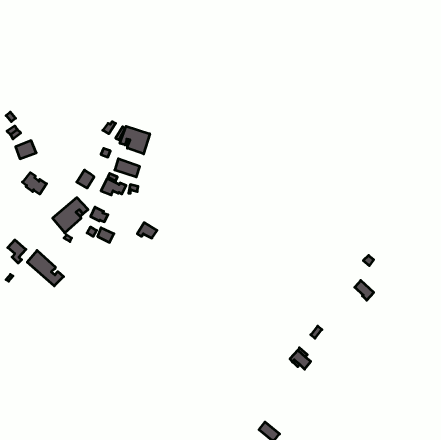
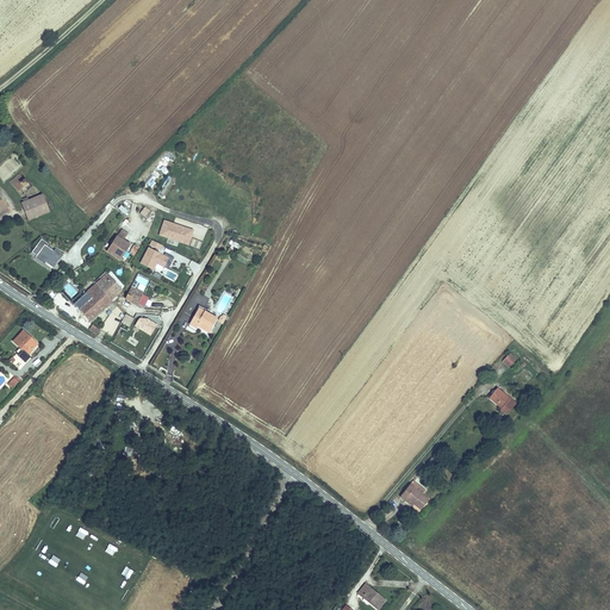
building: [120,126,150,154] -> none
building: [27,250,64,286] -> none

